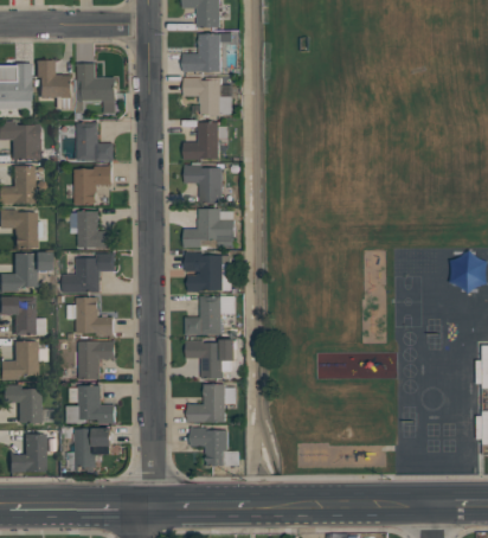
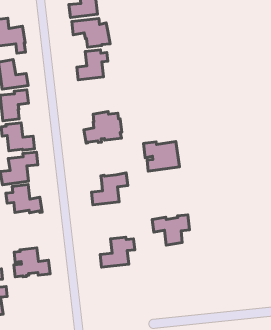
building: [186,162,224,203] -> none
building: [187,251,233,290] -> [143,141,179,171]
building: [70,339,116,379] -> none
building: [187,339,237,378] -> [152,215,189,245]
building: [191,425,240,466] -> none
building: [68,427,114,472] -> none

